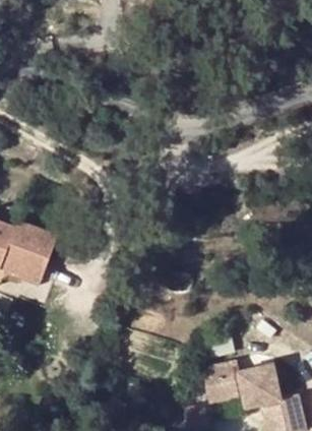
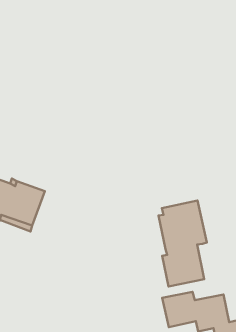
building: none -> [158,201,207,287]

